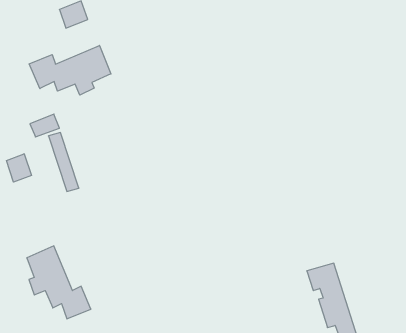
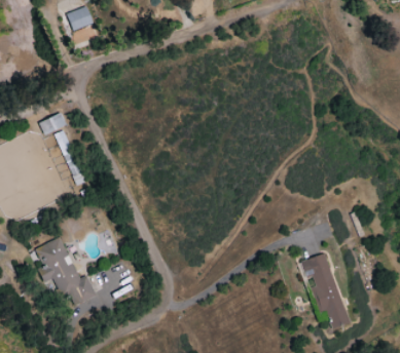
building: [29,45,111,95] -> none
building: [6,154,31,182] -> none

